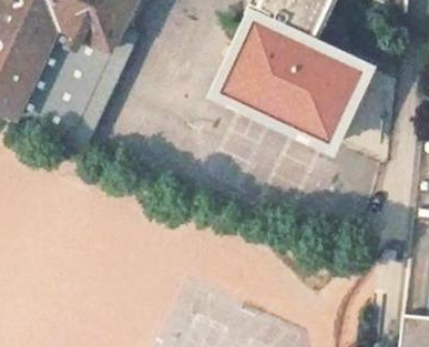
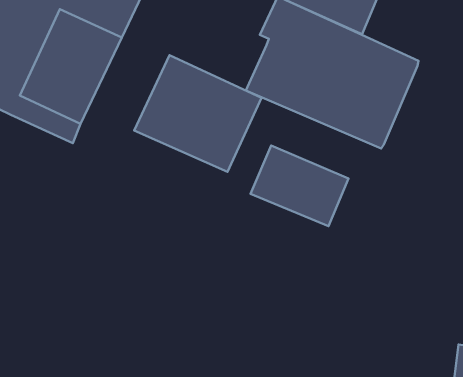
building: none -> [134,55,262,172]
building: none -> [250,146,348,226]

